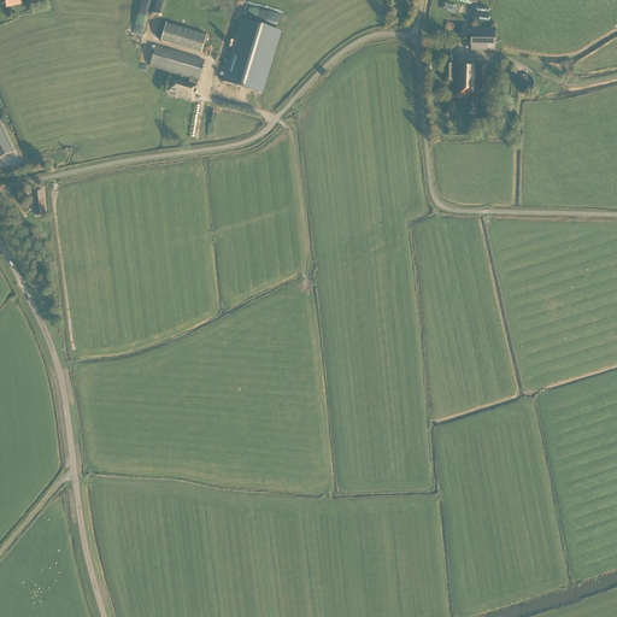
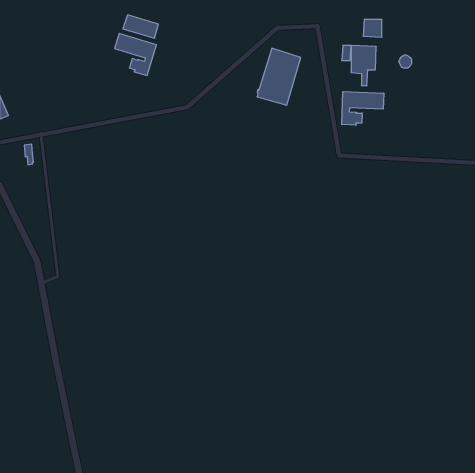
building: [222,17,278,90] -> [257,48,301,105]
building: none -> [342,92,384,125]

